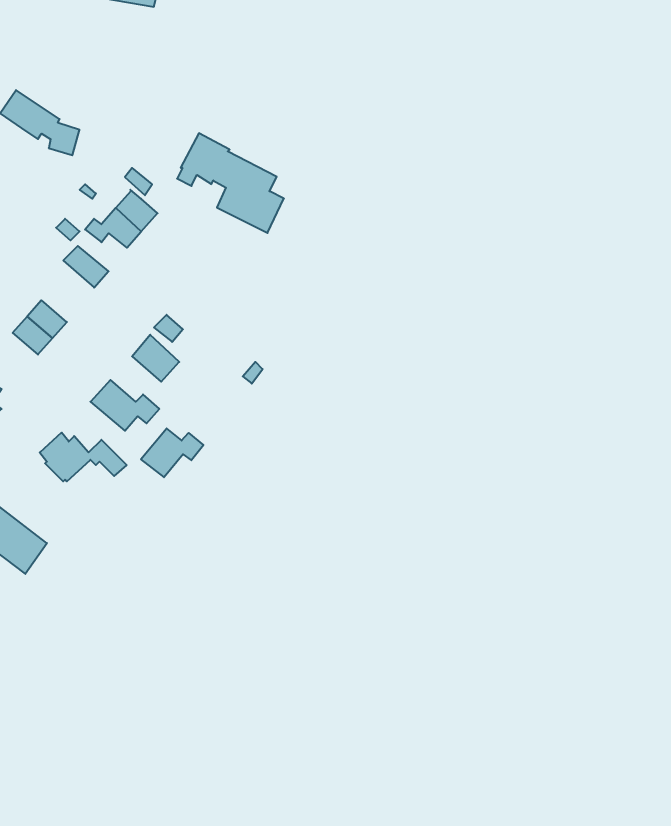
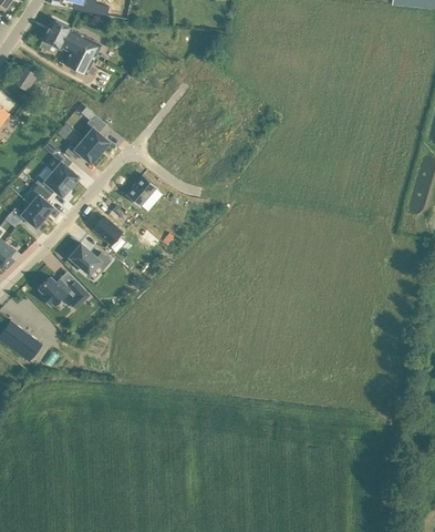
building: [177,133,284,233] -> [39,19,104,80]
building: none -> [34,171,70,197]
building: none -> [124,175,156,207]
building: [141,428,203,477] -> none

